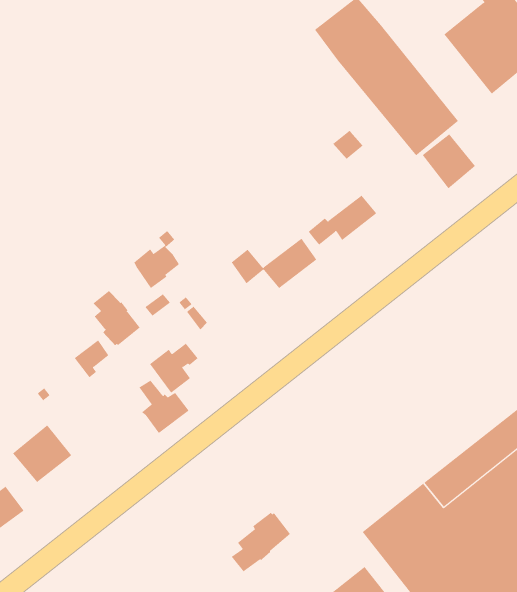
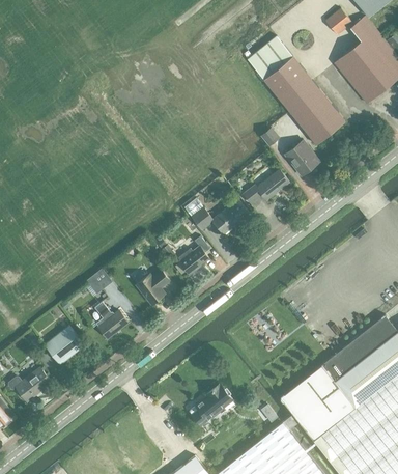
building: [422,134,476,189] -> [284,140,320,177]
building: [134,230,180,289] -> [178,236,209,276]
building: [93,290,140,346] -> none
building: [139,380,189,434] -> [94,303,129,339]

